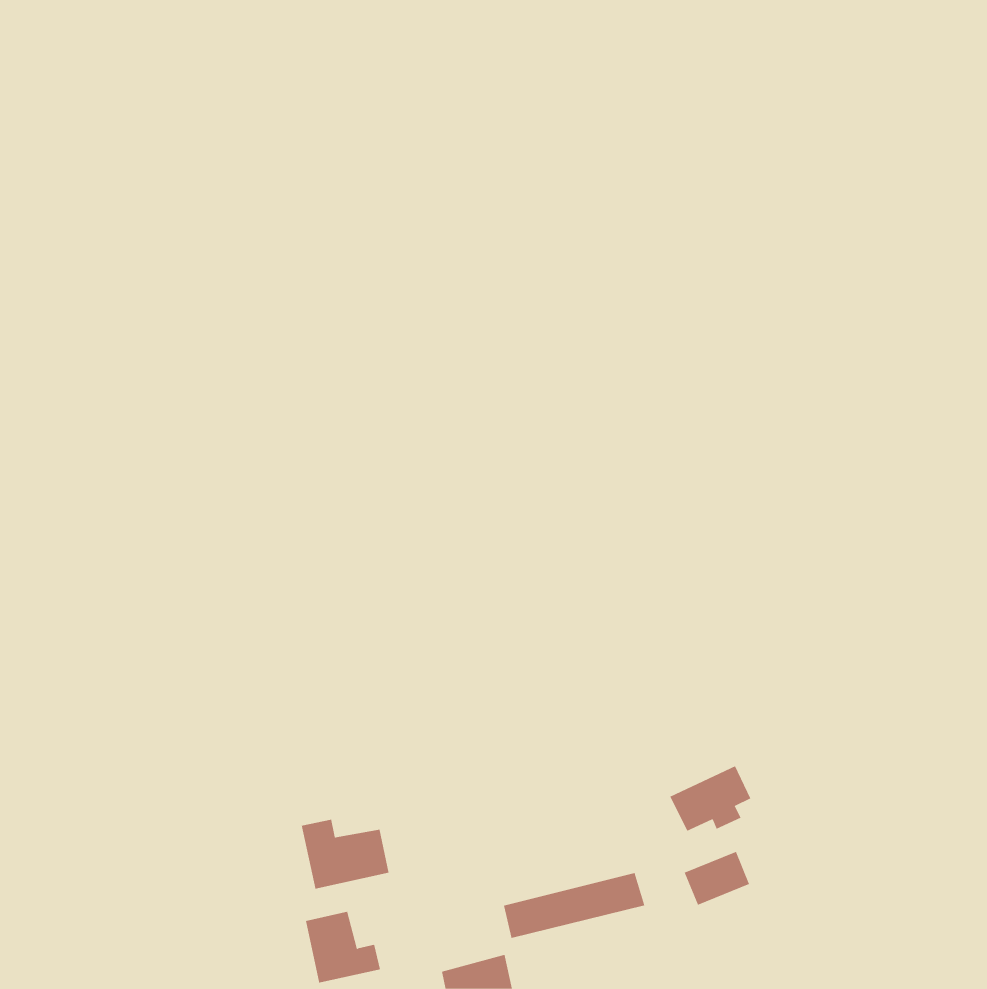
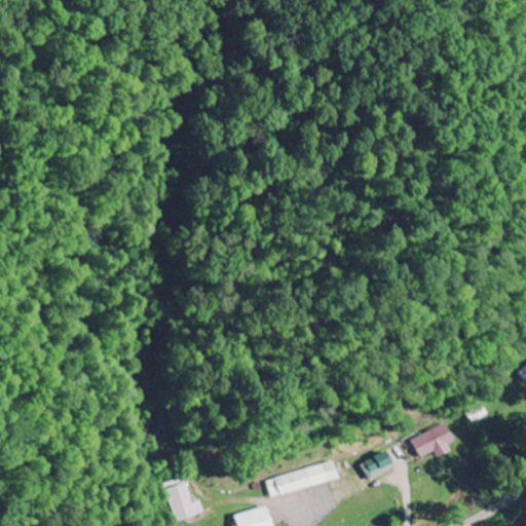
building: [669,766,751,832] -> [411,422,454,457]
building: [301,819,389,889] -> none

